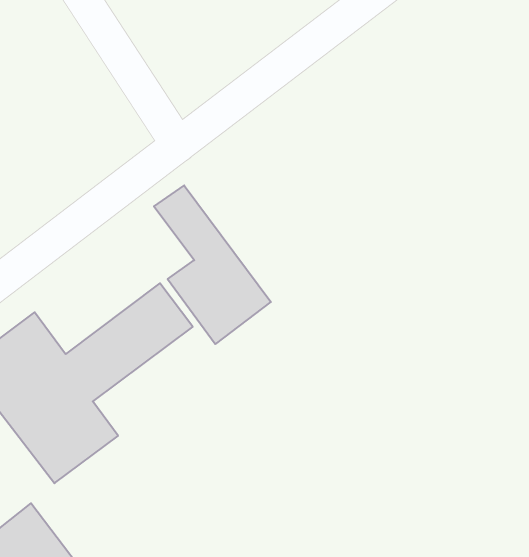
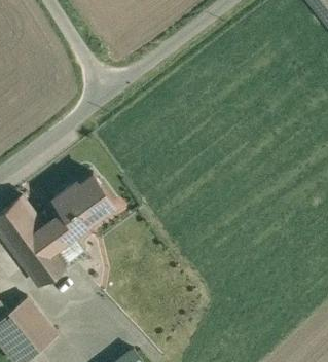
building: [154,185,271,344] -> none

